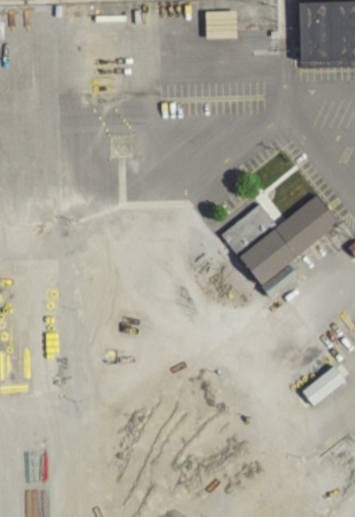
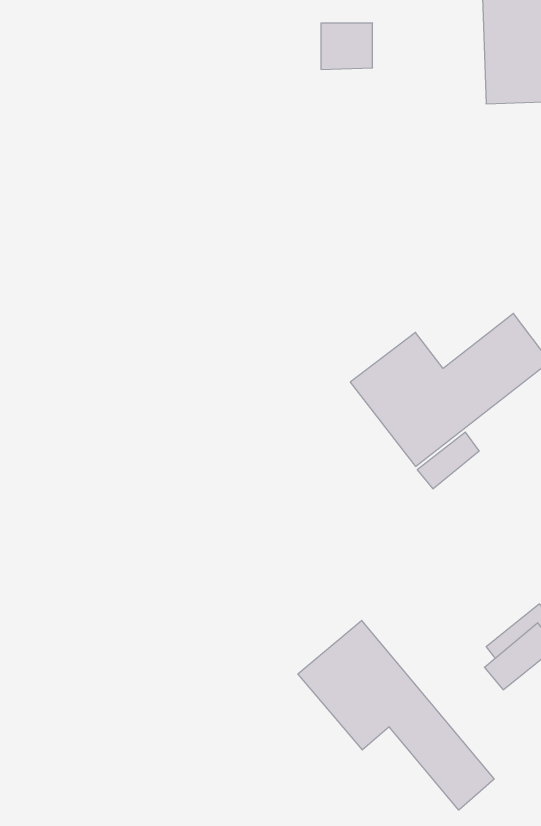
building: none -> [298,620,494,810]

